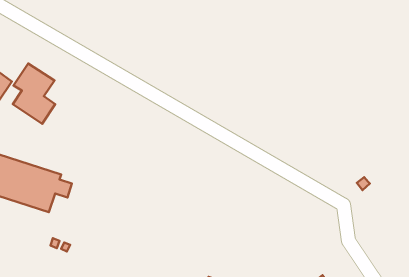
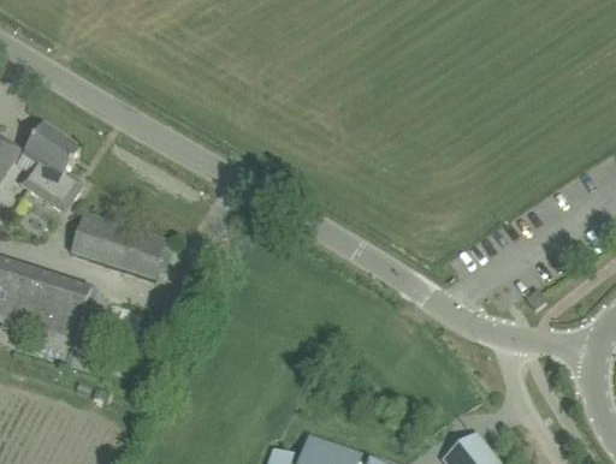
building: none -> [69,212,166,276]

